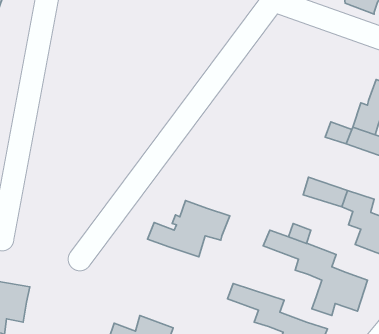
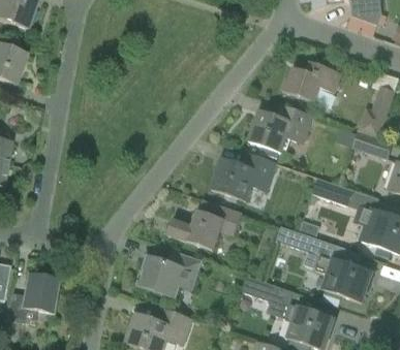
building: none -> [282,61,342,102]
building: none -> [249,103,312,152]
building: none -> [211,151,276,200]
building: none -> [136,249,203,298]

